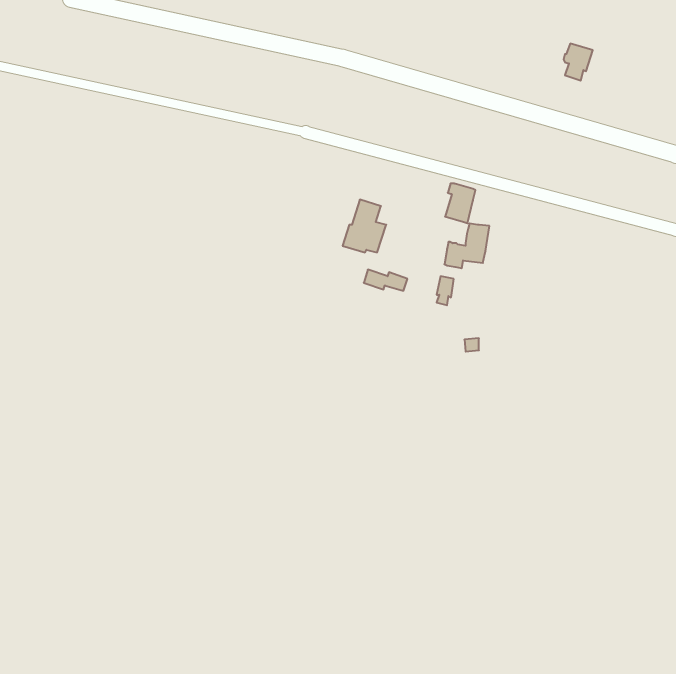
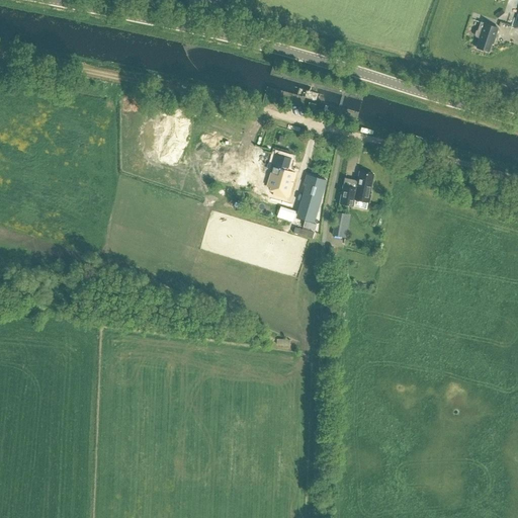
building: [564,44,593,81] -> [476,22,498,51]
building: [445,184,475,223] -> [303,175,326,205]

